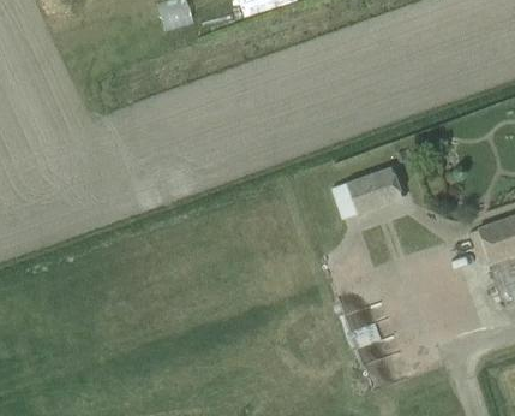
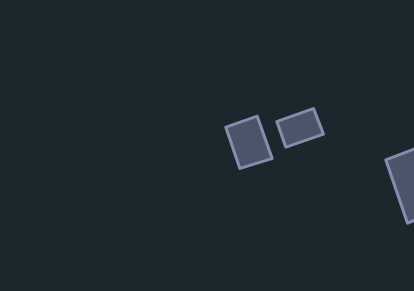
building: none -> [226,116,272,168]

